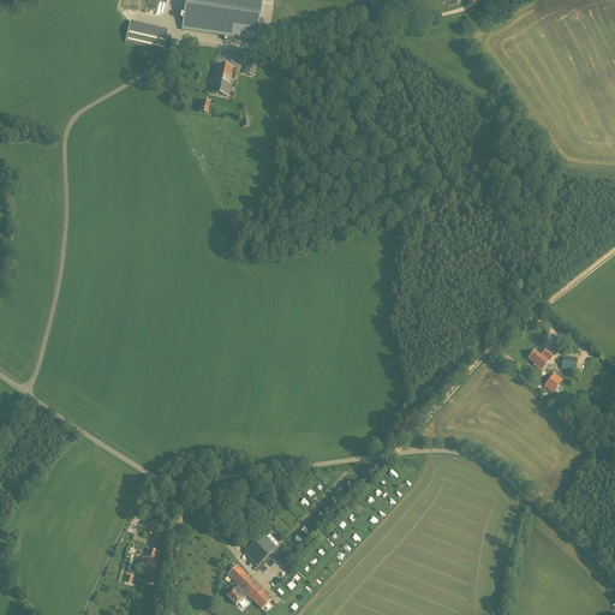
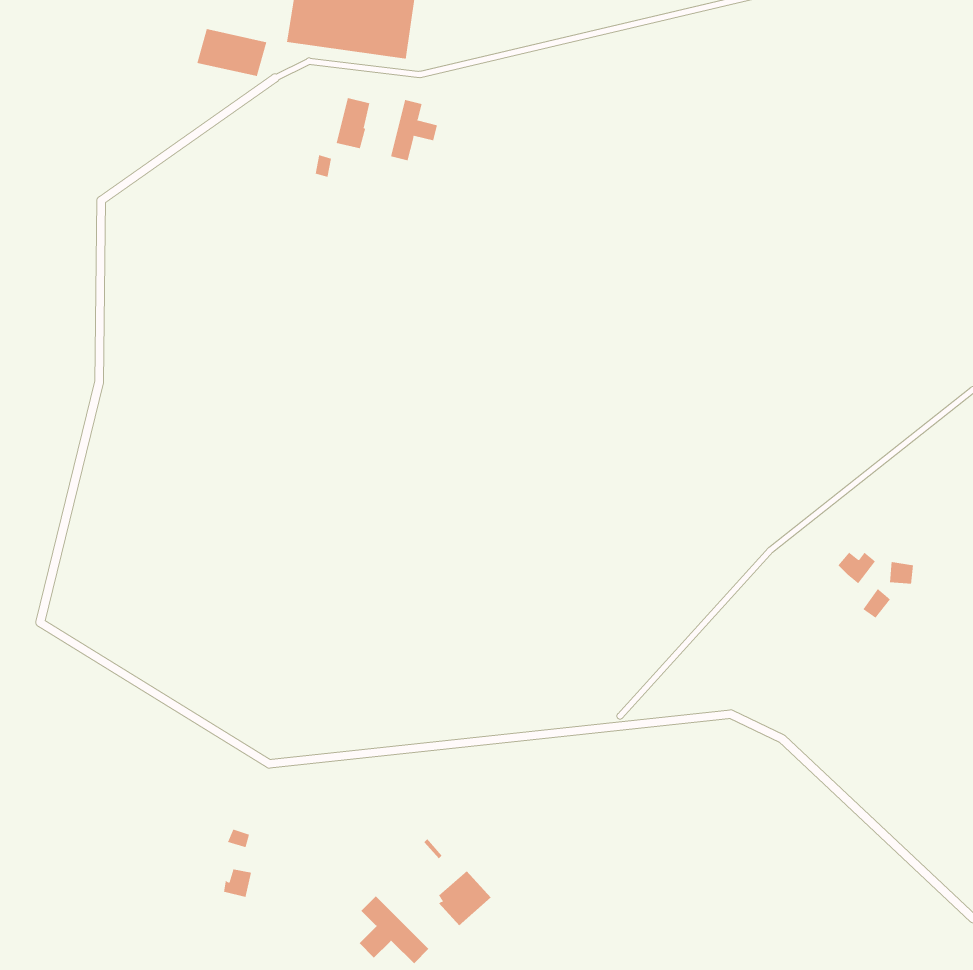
building: none -> [391,99,438,161]
building: [243,529,276,563] -> [438,871,492,926]

